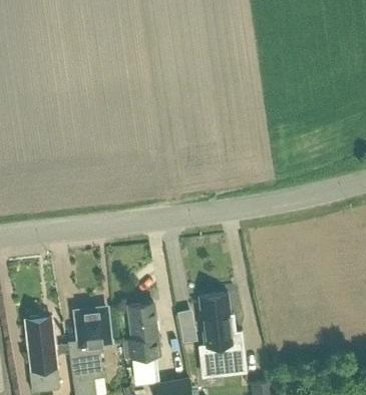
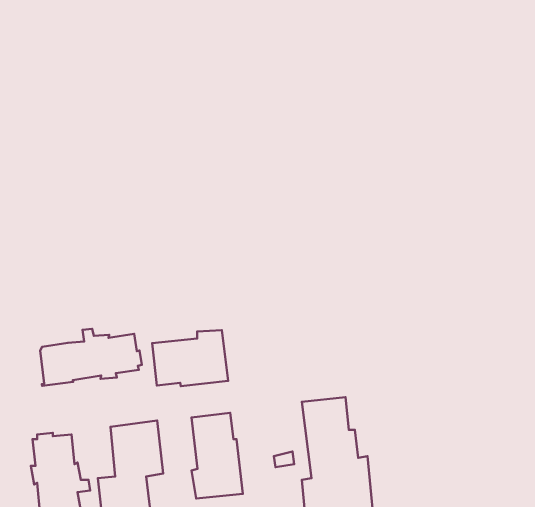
building: none -> [40,329,142,386]
building: none -> [152,330,228,386]

